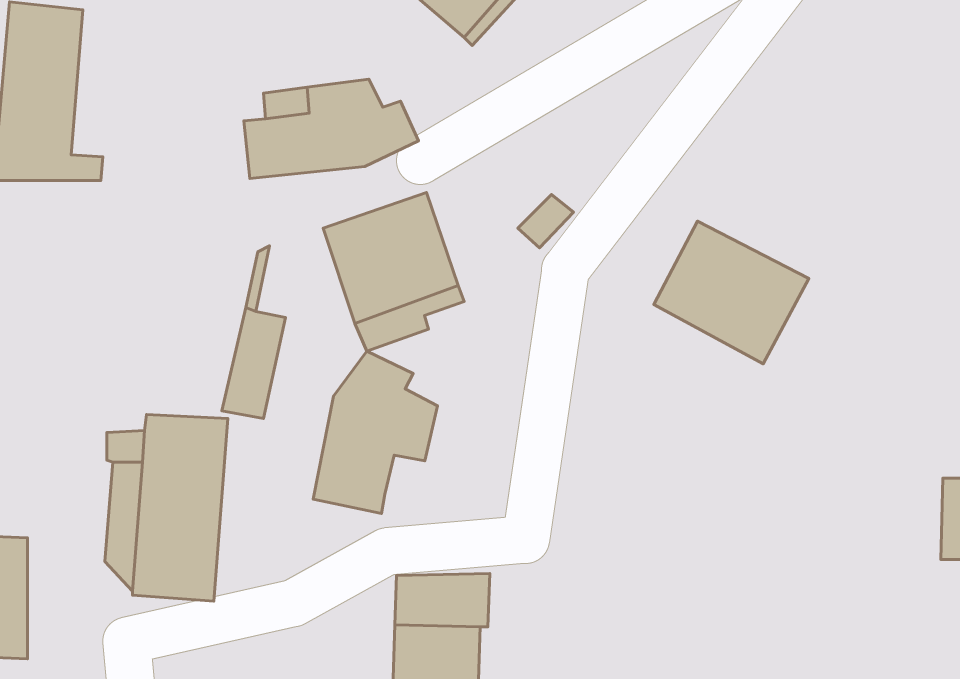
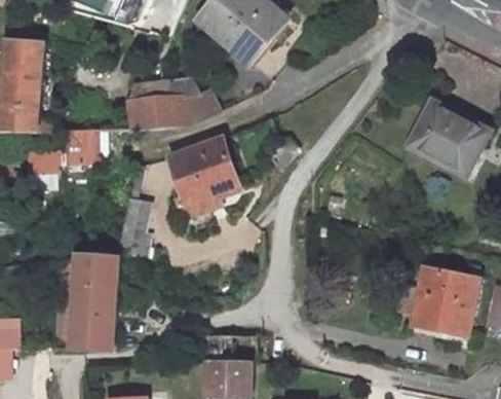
building: none -> [29,132,98,173]
building: [654,221,809,364] -> [410,101,490,175]
building: [313,351,438,514] -> none
building: none -> [413,269,478,337]

